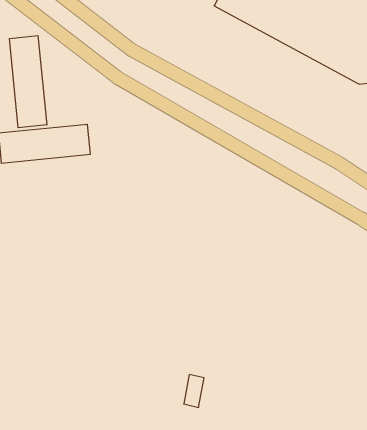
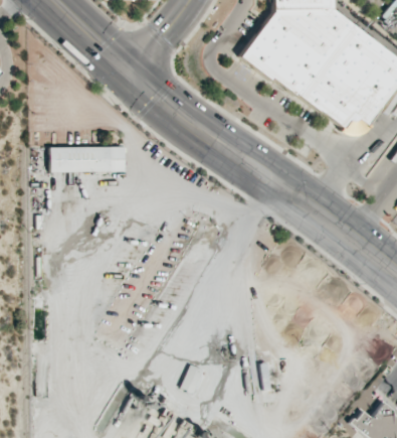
building: [9,36,47,128] -> none

